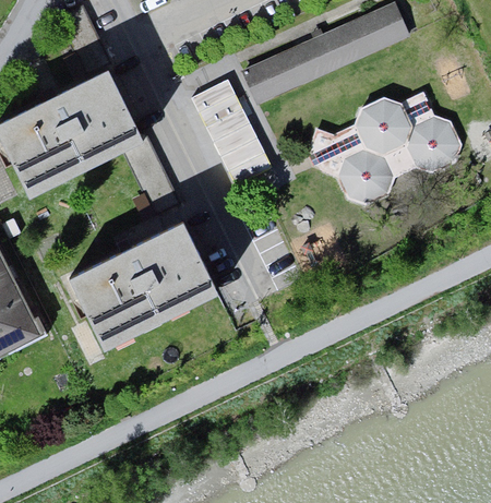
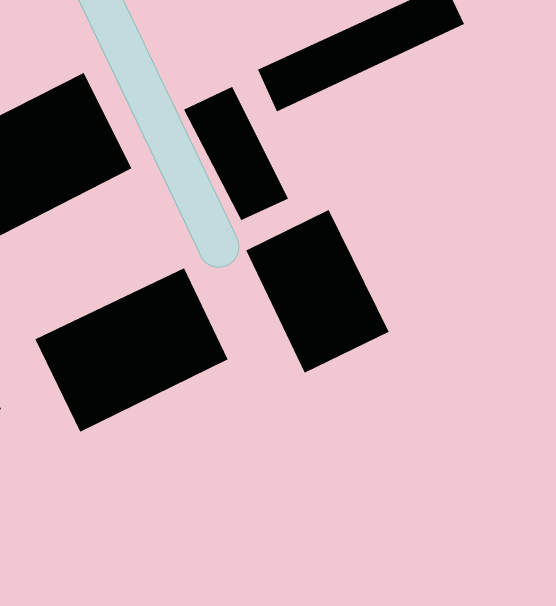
building: [304,89,466,204] -> none
building: none -> [246,209,389,373]

